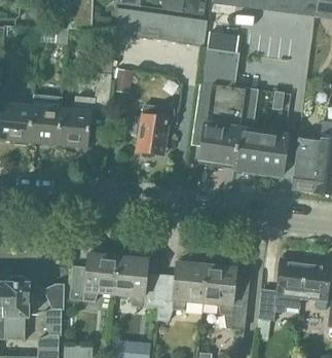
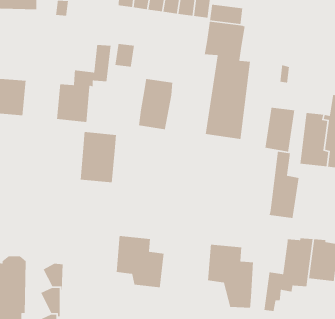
building: [25,94,61,144] -> [80,131,117,183]
building: [234,106,264,172] -> [269,151,299,219]
building: [69,254,117,301] -> none
building: [156,261,206,321] -> none

